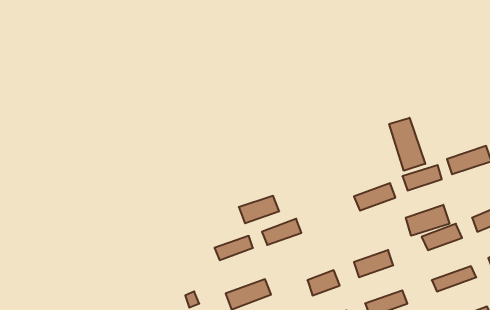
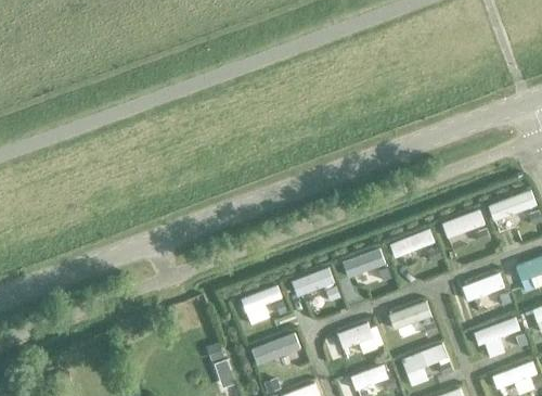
building: [389,118,425,171] -> none
building: [239,196,279,223] -> [341,248,385,278]
building: [406,205,449,236] -> none

